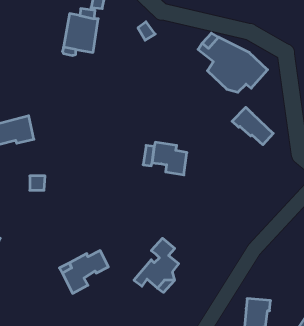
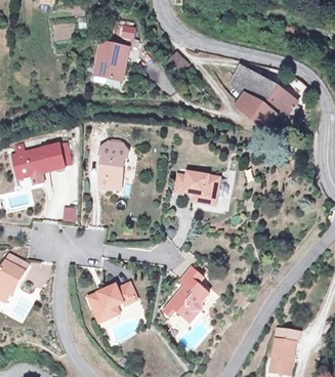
building: [232,107,273,145] -> none
building: none -> [97,146,126,188]

